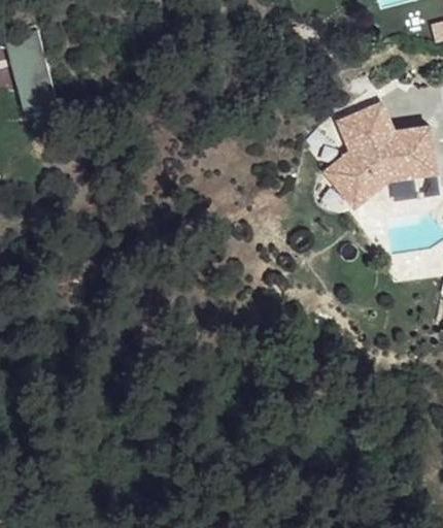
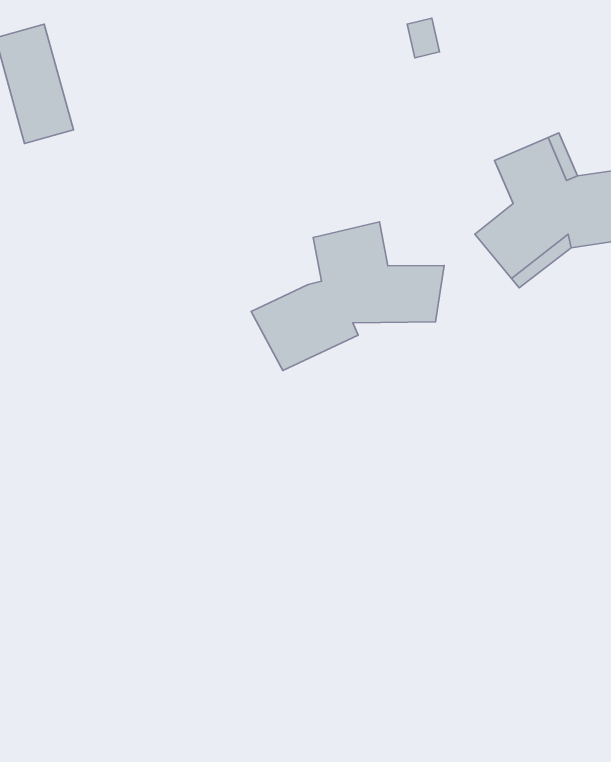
building: none -> [251,222,444,370]

